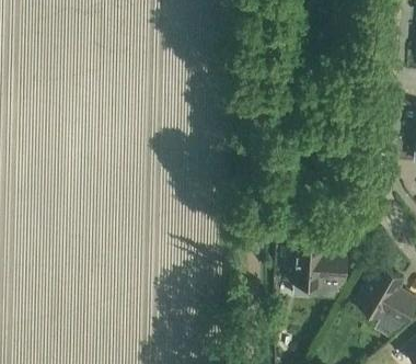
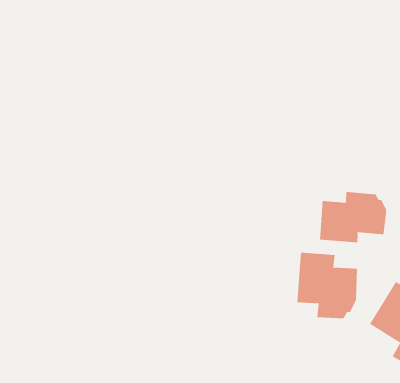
building: none -> [320,191,387,243]

